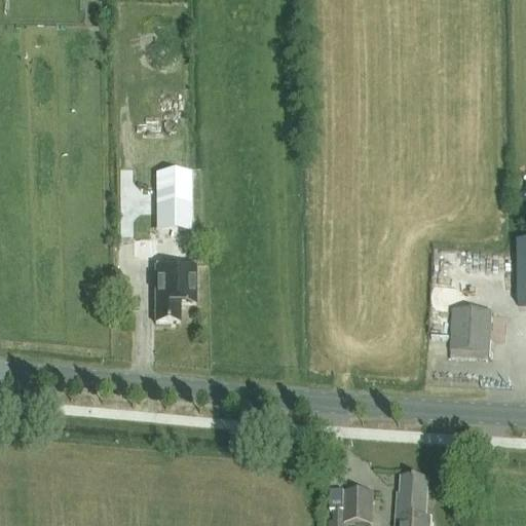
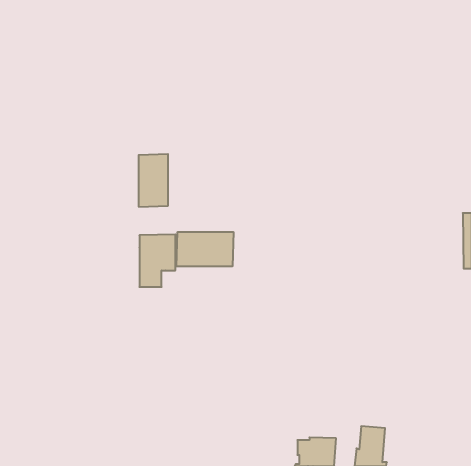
building: none -> [177,232,233,266]
building: [452,307,491,350] -> none

